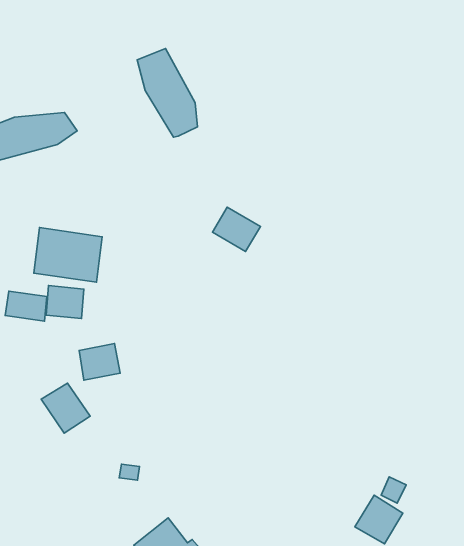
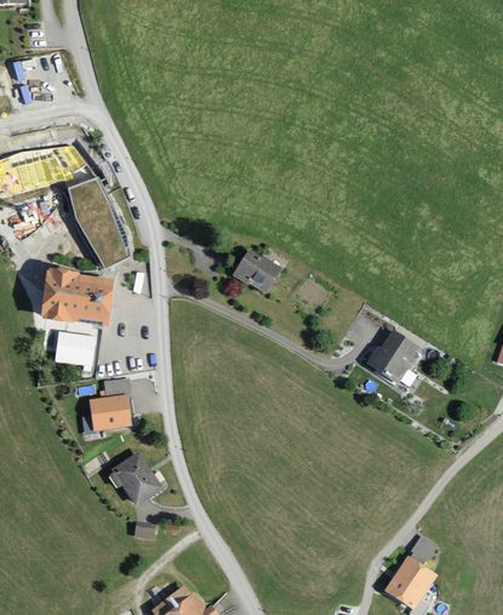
building: [137,48,197,137] -> [67,176,131,271]
building: none -> [368,329,417,376]
building: [5,291,47,321] -> none
building: [41,383,90,433] -> [110,450,162,503]

